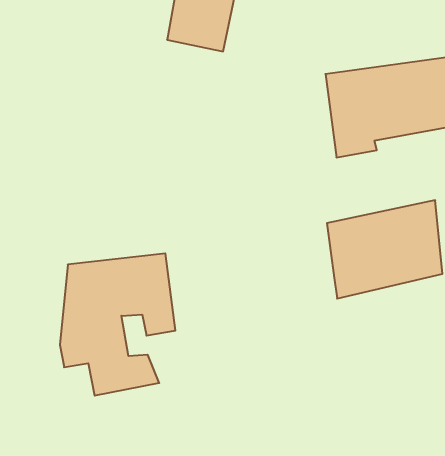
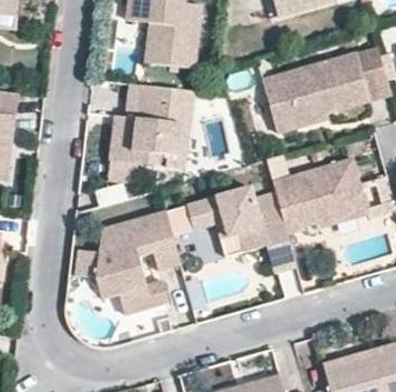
building: none -> [120,84,193,165]
building: none -> [187,187,295,267]

